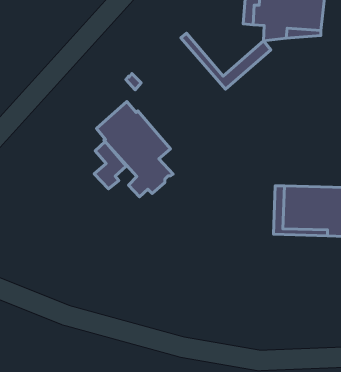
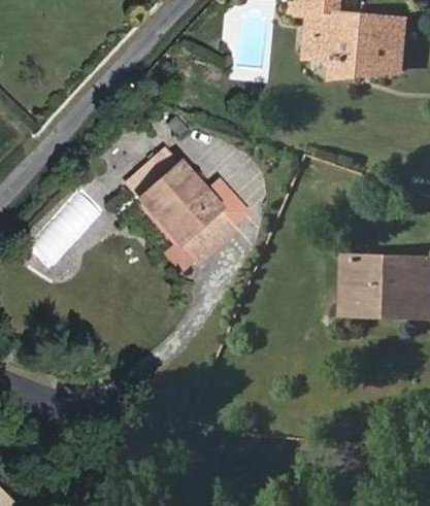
building: [181,33,271,89] -> none
building: [94,142,126,189] -> [205,183,244,241]

